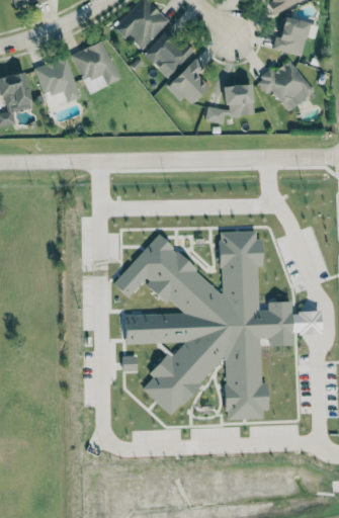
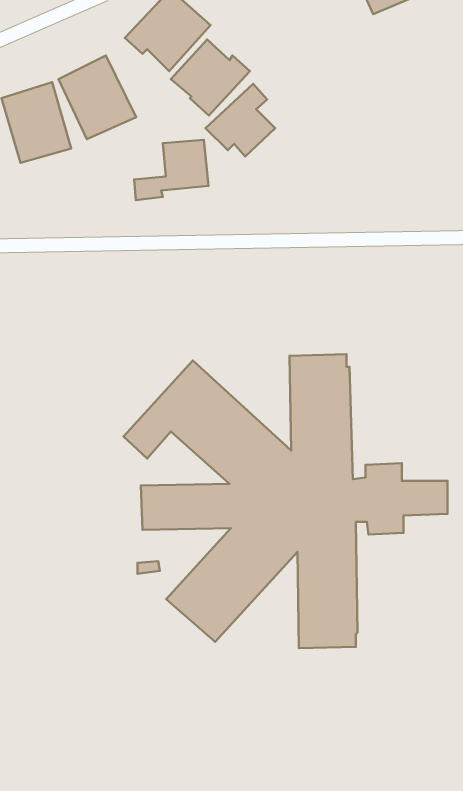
building: [277,17,309,55] -> none
building: [257,60,315,111] -> none
building: [206,84,254,122] -> [134,140,209,200]

